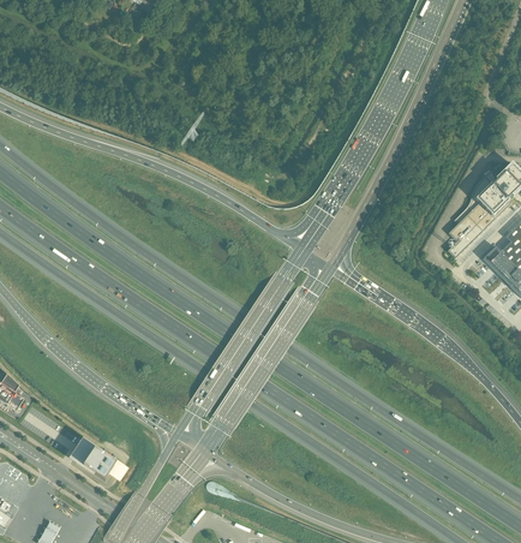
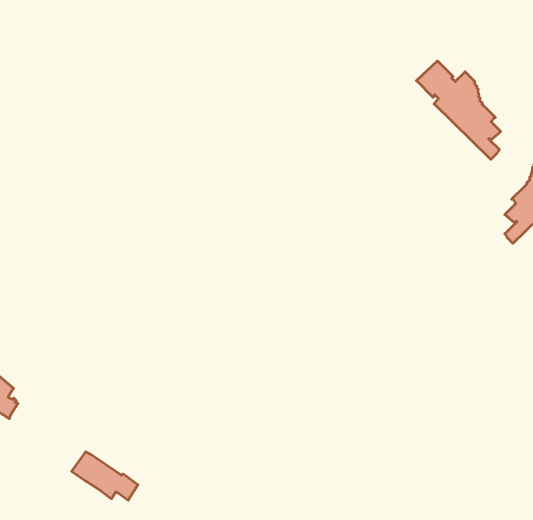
building: none -> [416,61,501,159]

